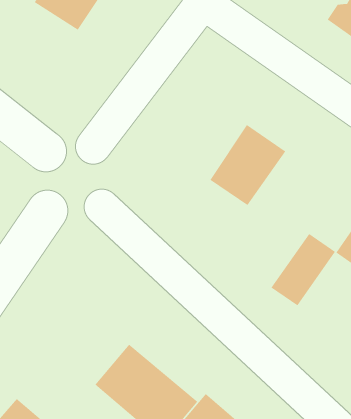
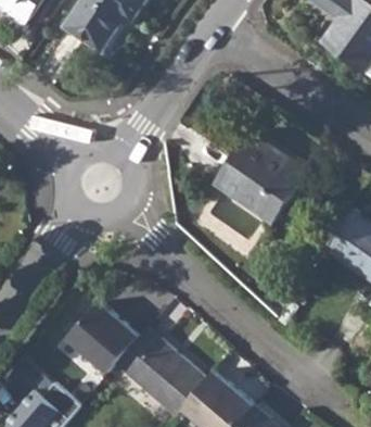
building: [270,233,336,306] -> [250,159,307,223]
building: none -> [67,301,139,373]

